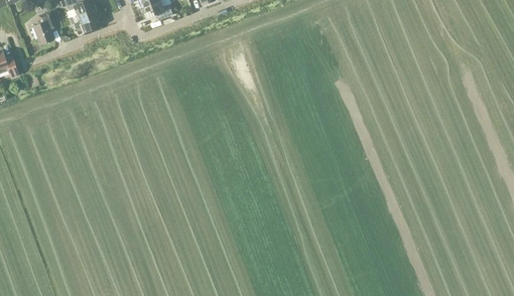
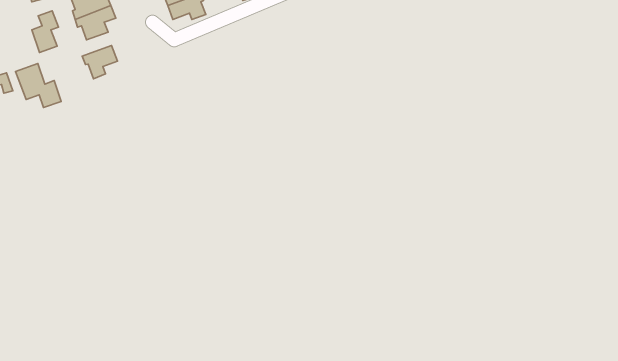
building: none -> [82,45,118,79]
building: none -> [15,64,61,108]

